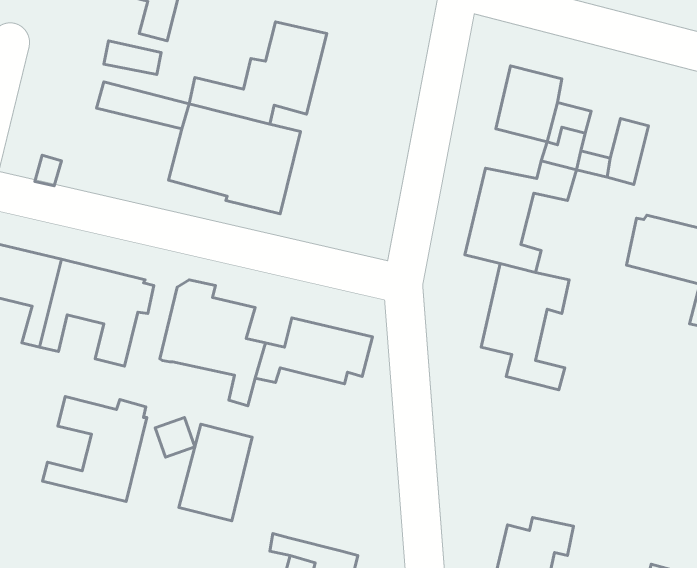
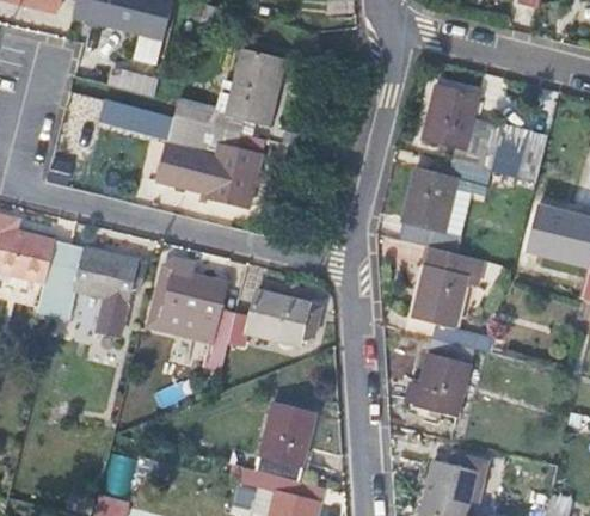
building: none -> [399,340,475,417]
building: [43,397,147,501] -> none
building: [179,424,252,521] -> [256,404,315,483]

